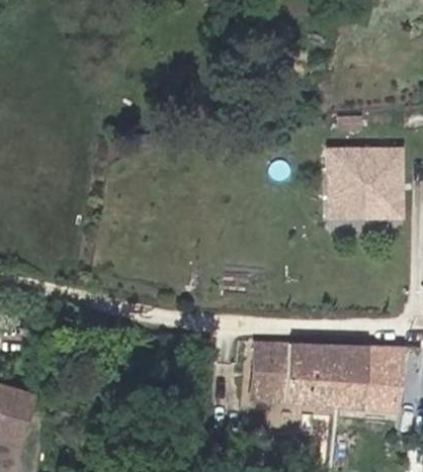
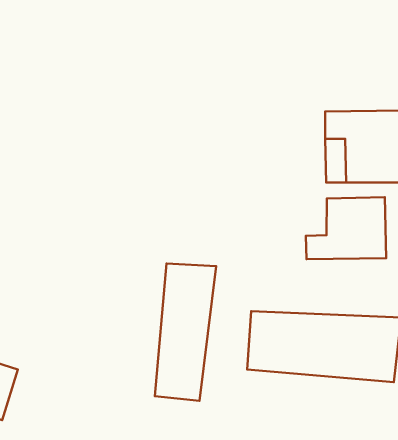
building: none -> [306,197,386,259]
building: none -> [155,264,216,401]

